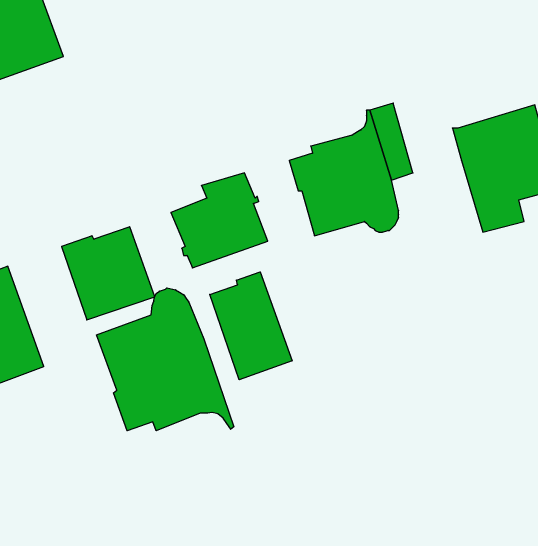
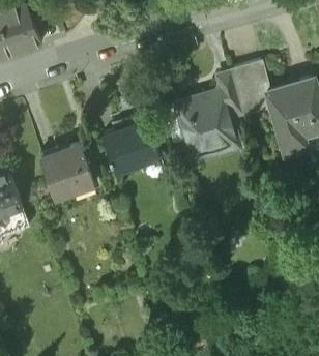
building: none -> [230,64,270,118]
building: [210,272,292,380] -> none
building: [96,288,234,431] -> none

